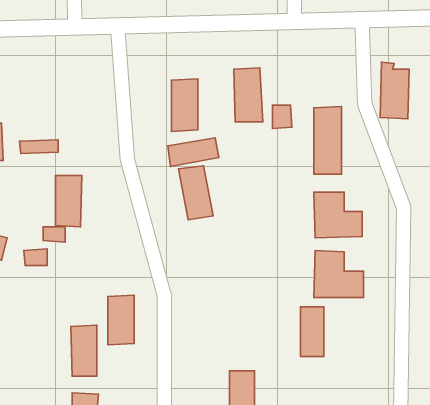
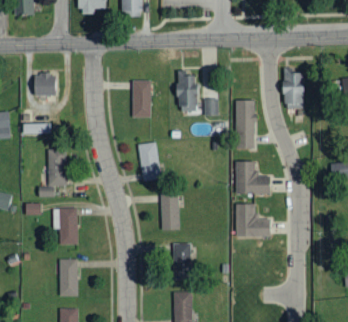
building: none -> [34,74,56,96]
building: [168,138,219,167] -> none
building: none -> [161,196,180,231]
building: [108,295,134,345] -> [59,208,78,244]
building: [300,307,324,357] -> [174,242,191,278]

